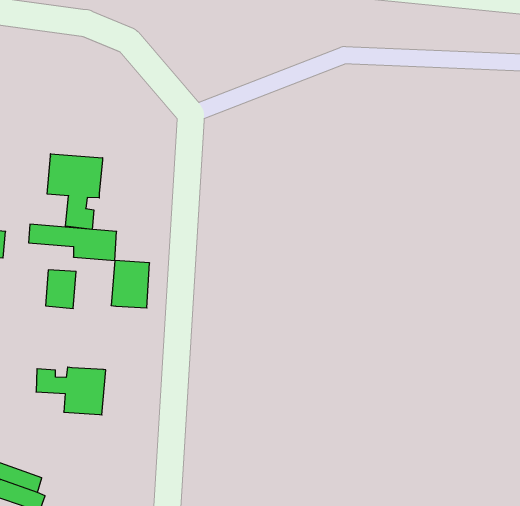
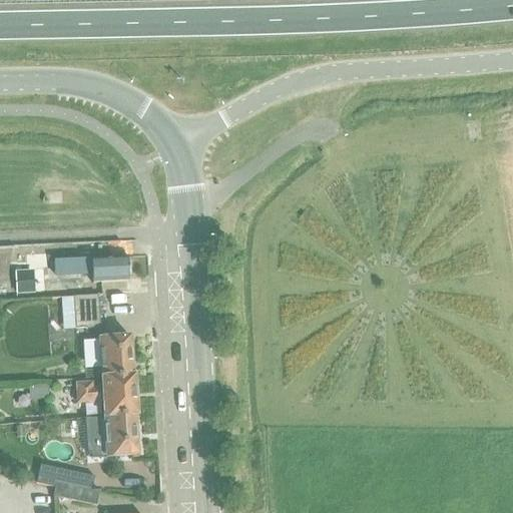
building: [47,154,103,229] -> none
building: [111,260,150,308] -> [100,335,133,376]
building: none -> [86,413,137,455]

